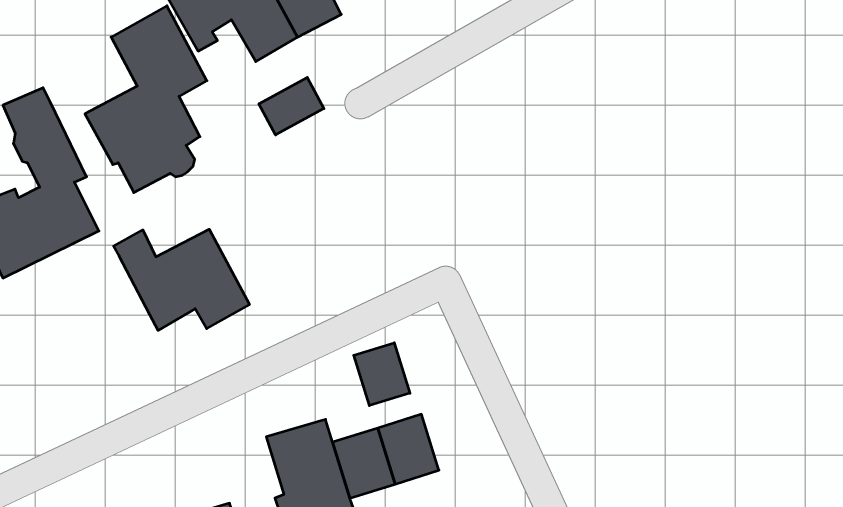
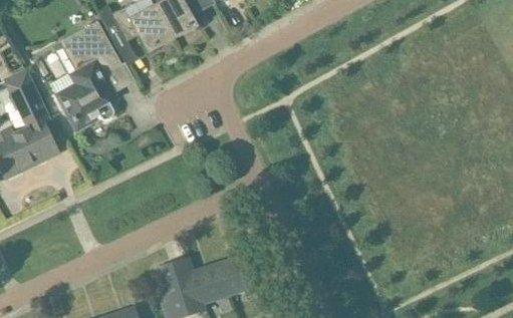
building: [259,77,324,135] -> none
building: [114,229,249,330] -> none
building: [354,343,410,406] -> none

